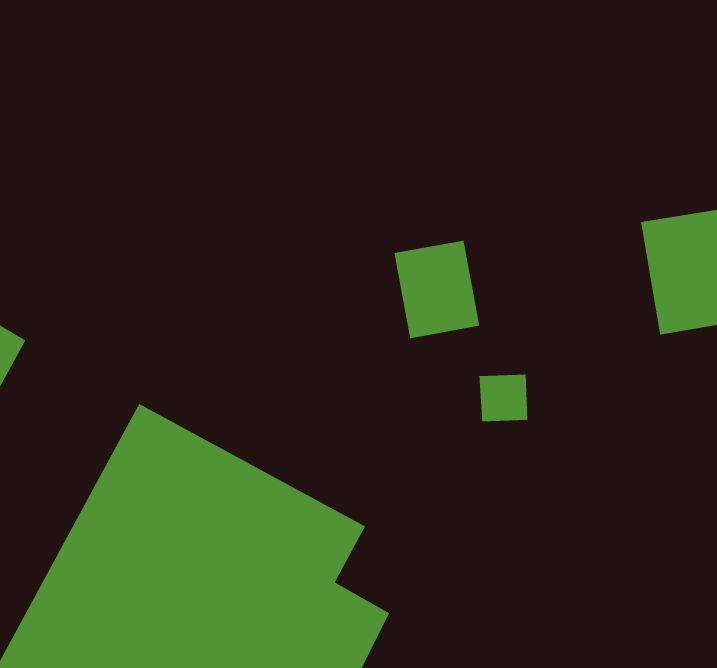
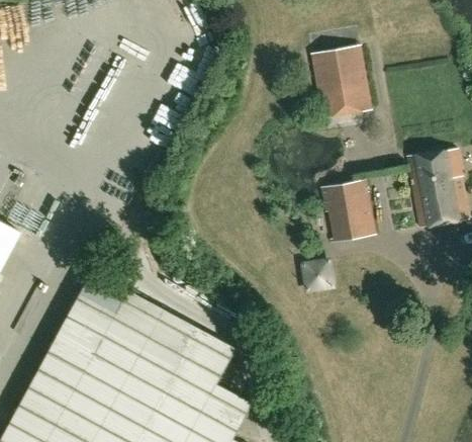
building: none -> [312,46,372,116]
building: [394,240,480,339] -> [321,180,376,243]

